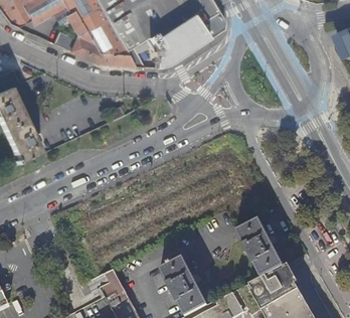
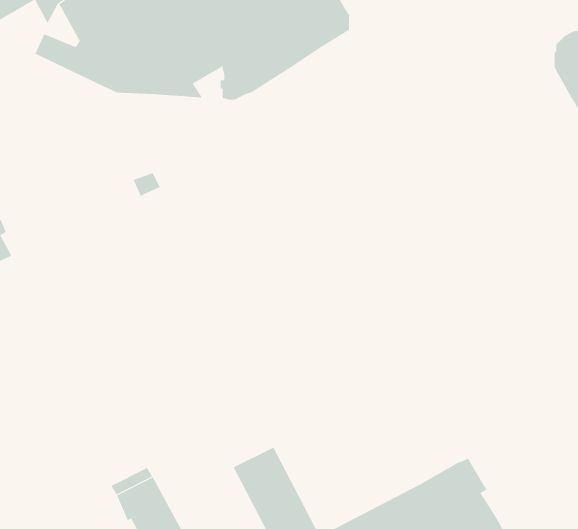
building: [236,216,283,276] -> none

